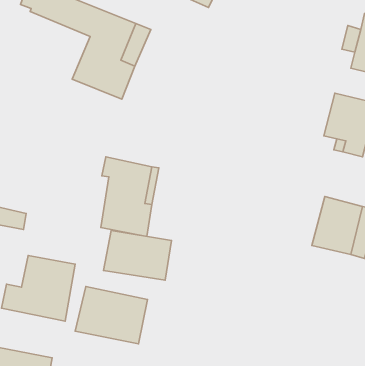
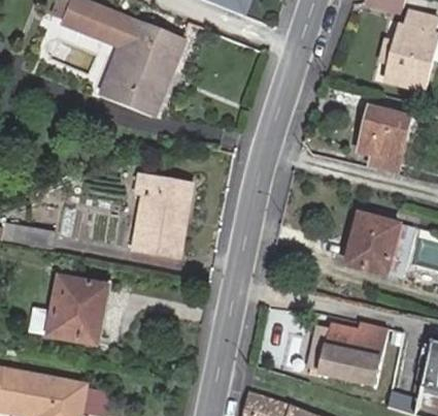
building: [103,231,171,280] -> none
building: [75,286,147,344] -> none
building: none -> [311,315,391,386]

